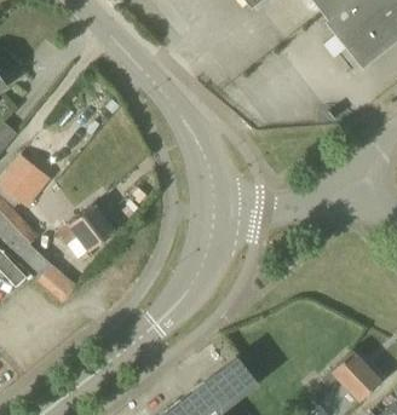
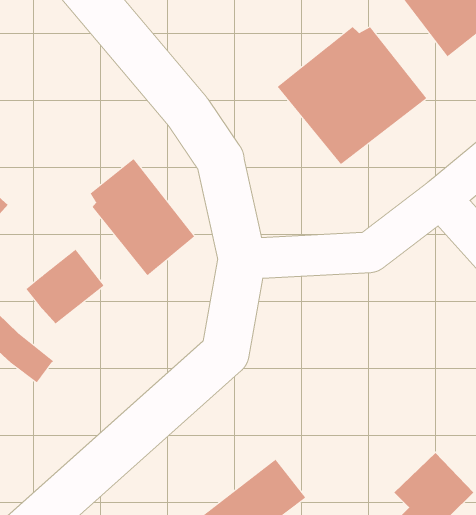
building: none -> [277,26,427,165]
building: none -> [90,158,195,276]

